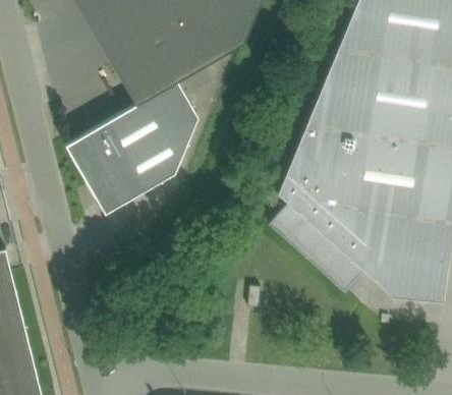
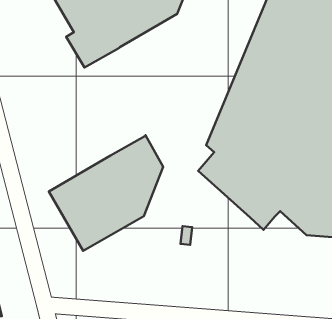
building: [66,80,199,214] -> [49,135,163,251]

